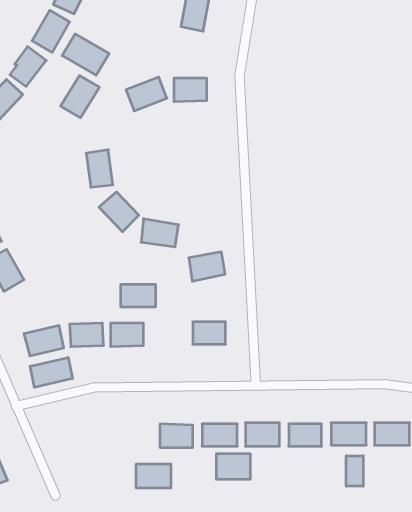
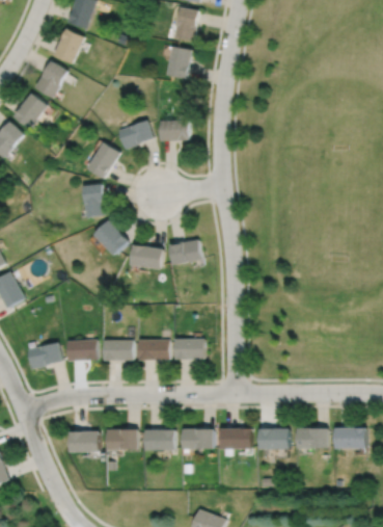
building: [62,34,109,75] -> none
building: [61,76,99,118] -> [85,143,119,181]
building: [189,252,225,281] -> [169,241,201,267]
building: [121,285,156,307] -> [138,339,169,359]
building: [30,357,72,387] -> none
building: none -> [70,430,99,451]
building: [216,454,250,479] -> none
building: [346,456,363,486] -> none
building: [136,464,171,488] -> [107,428,138,449]

